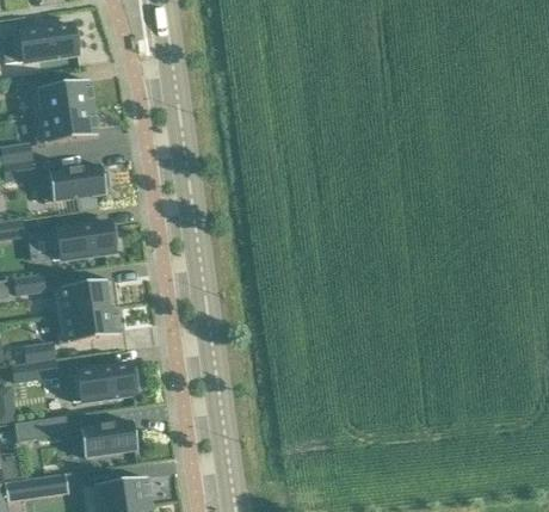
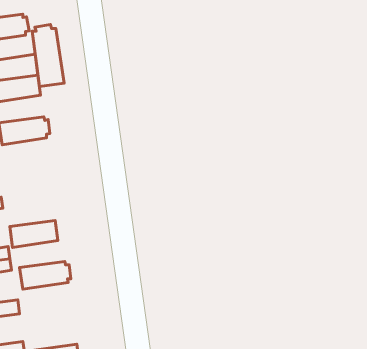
building: none -> [32,24,64,86]
building: [49,222,119,260] -> none
building: [51,279,118,316] -> none
building: [80,421,138,458] -> none

